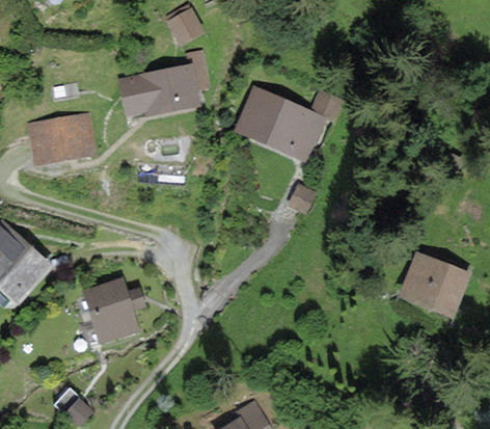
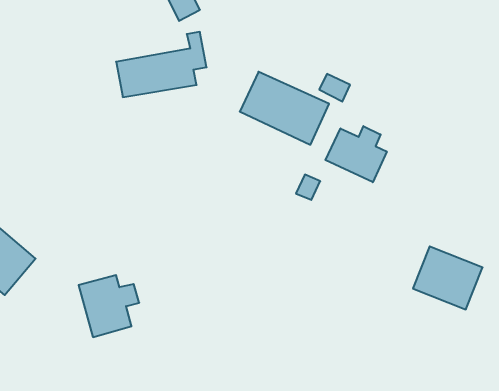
building: [31,115,90,162] -> none
building: none -> [325,126,387,182]

